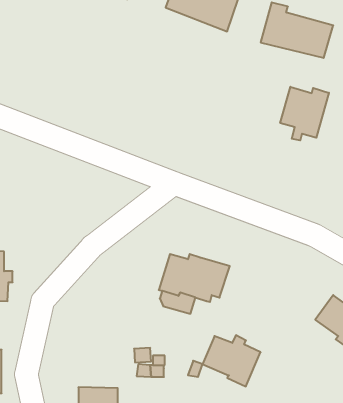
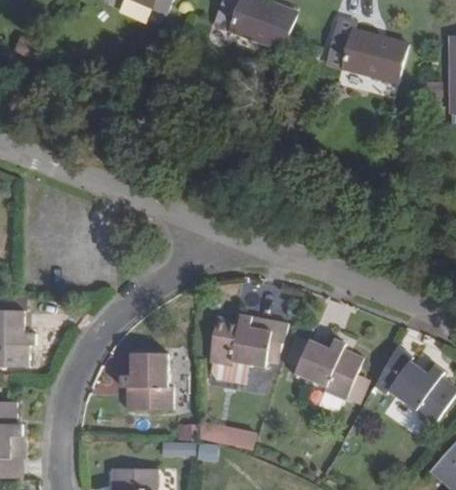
building: [280,87,329,140] -> none
building: none -> [119,352,171,410]
building: [202,335,261,386] -> [294,339,362,399]

